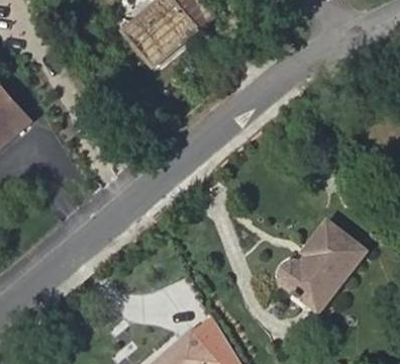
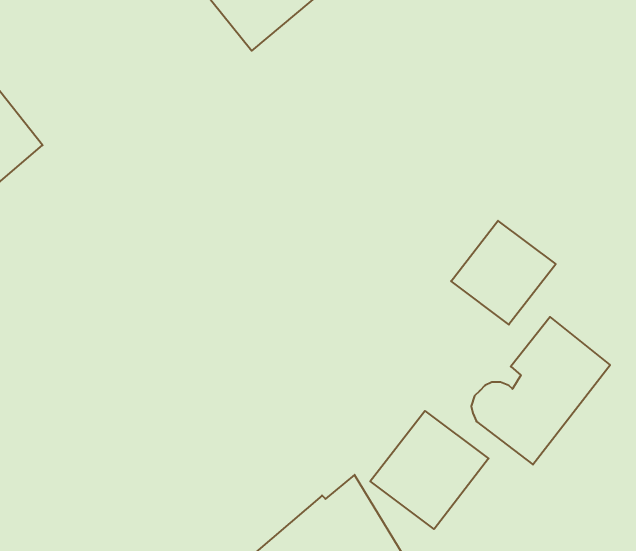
building: none -> [451,221,556,325]
building: none -> [370,411,489,529]

